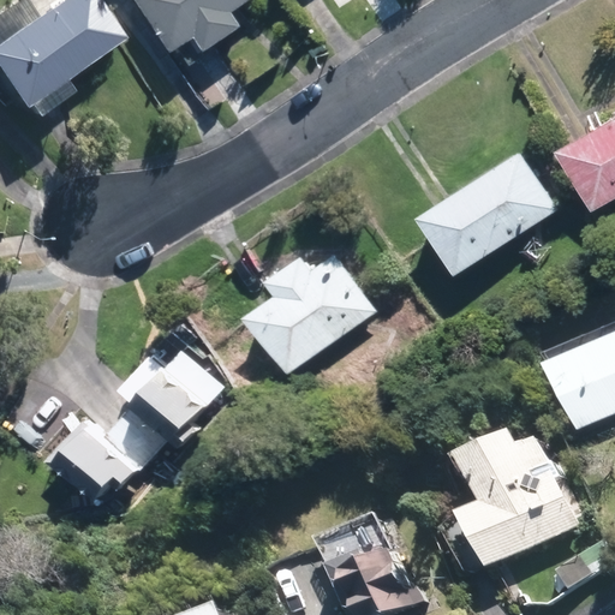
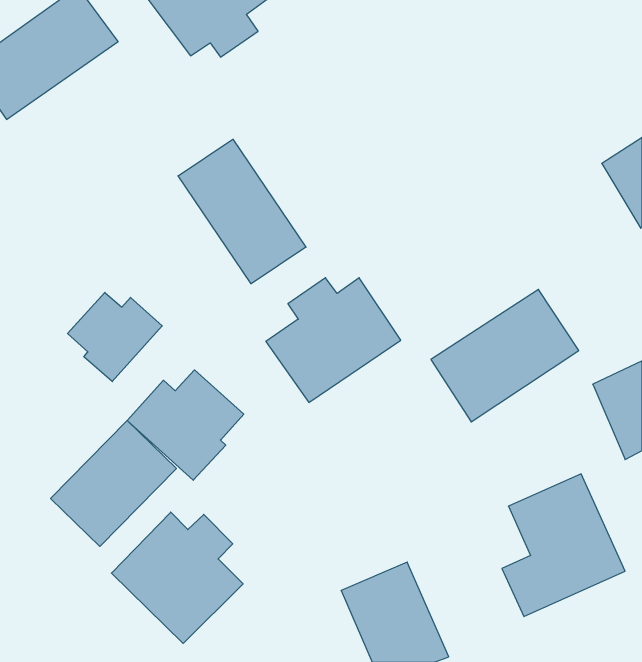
building: none -> [178,139,306,284]
building: [420,154,557,276] -> [431,289,579,422]
building: none -> [68,292,162,382]
building: none -> [111,512,243,643]

